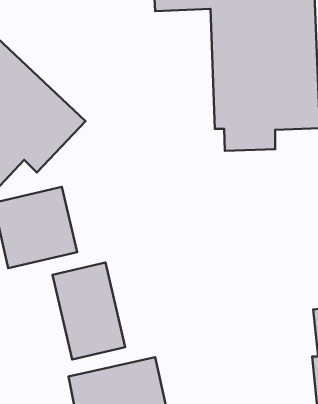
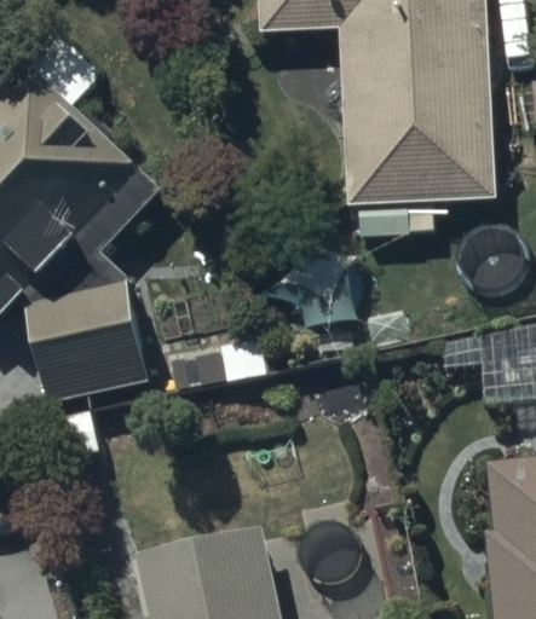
building: [52,262,125,360] -> none

